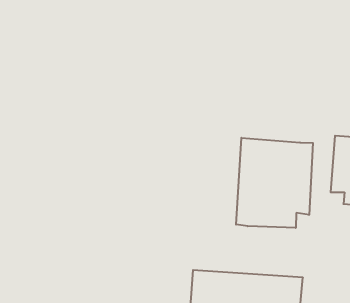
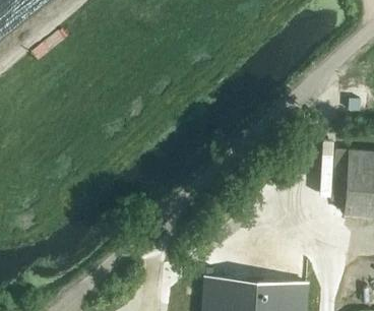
building: [236,138,313,228] -> none

